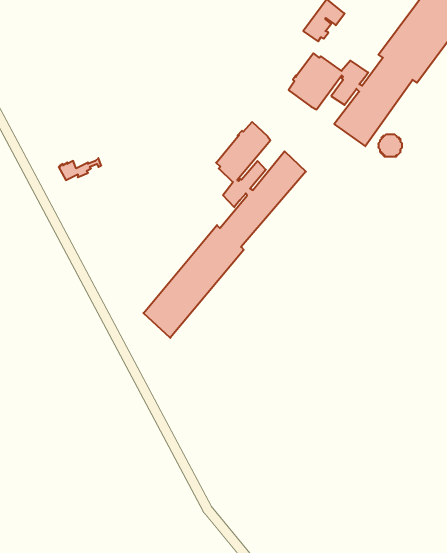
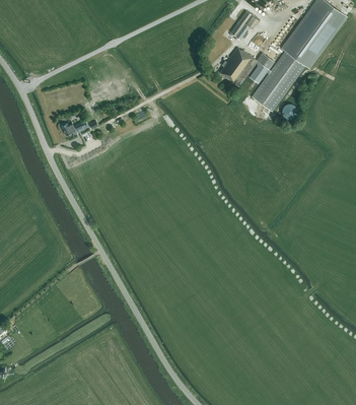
building: [143,122,306,338] -> none

